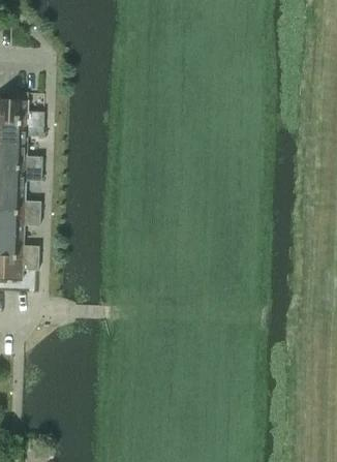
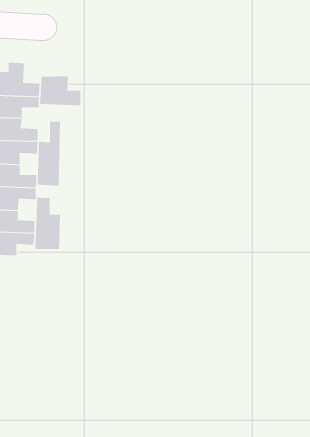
building: none -> [40,76,81,106]
building: none -> [37,121,61,187]
building: none -> [35,197,60,250]

